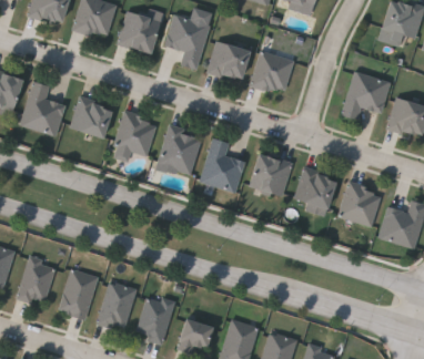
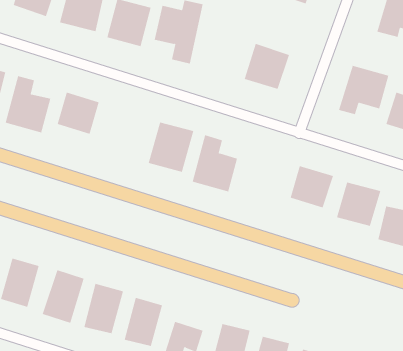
building: [208,40,250,81] -> none
building: [115,111,158,155] -> none
building: [249,153,292,196] -> none

